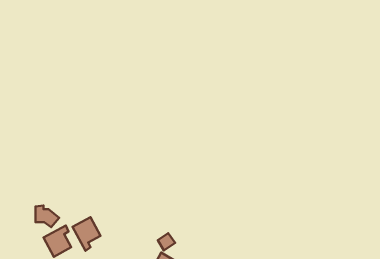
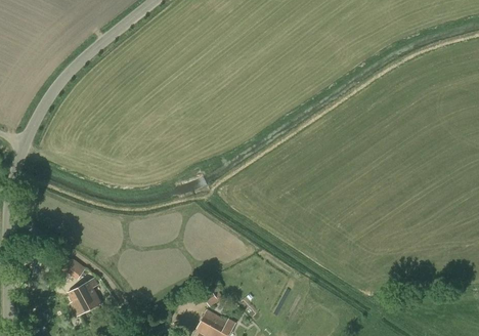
building: [73,217,100,251] -> none

